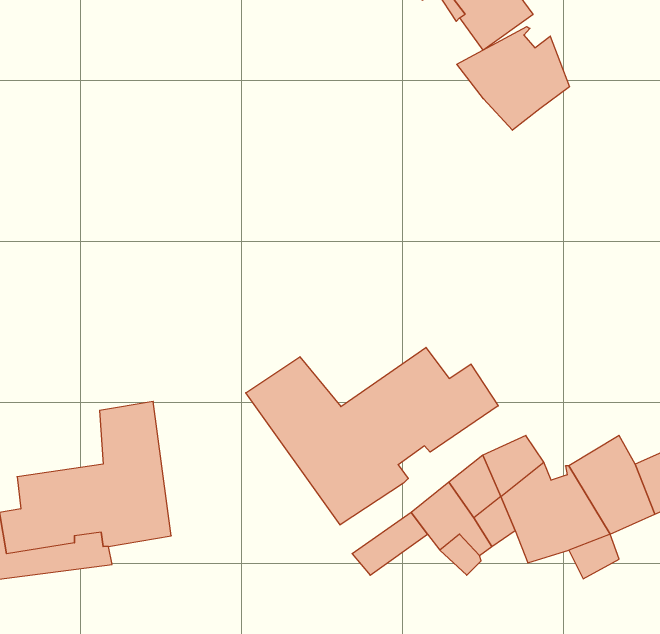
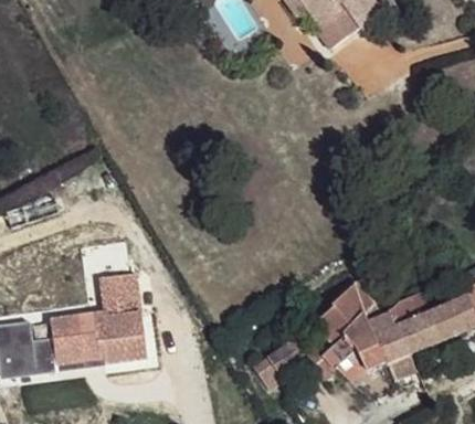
building: [457,27,569,130] -> none
building: [246,347,498,525] -> none

